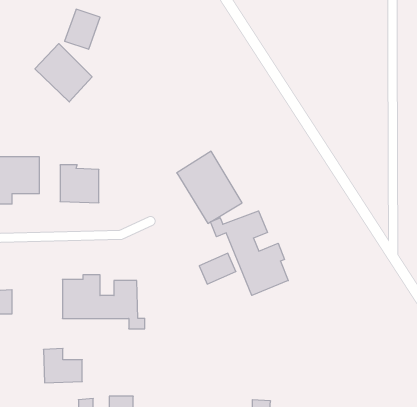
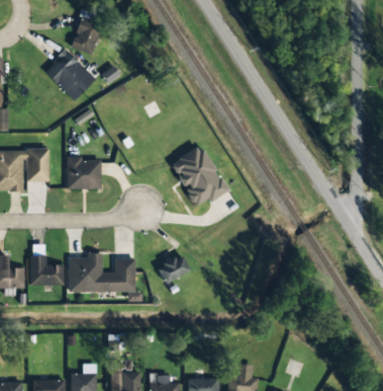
building: [210,211,288,295] -> none
building: [199,253,236,284] -> [158,255,190,283]
building: [43,348,82,383] -> [29,255,64,286]

